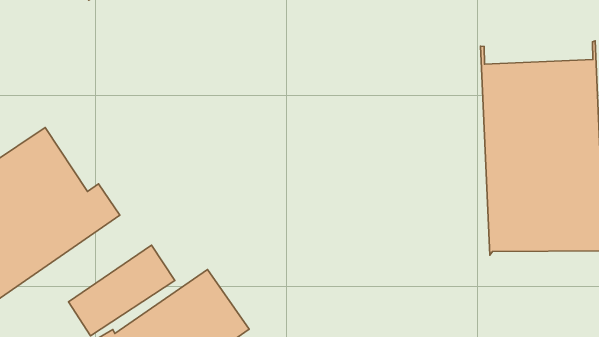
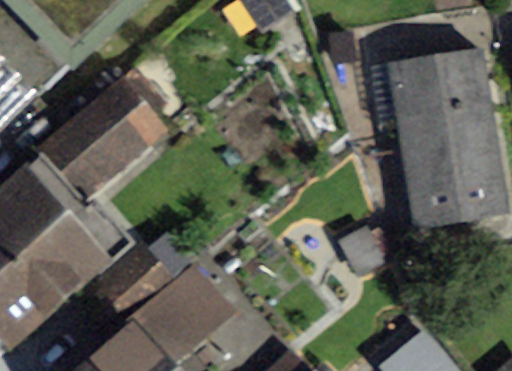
building: none -> [49,68,160,185]

